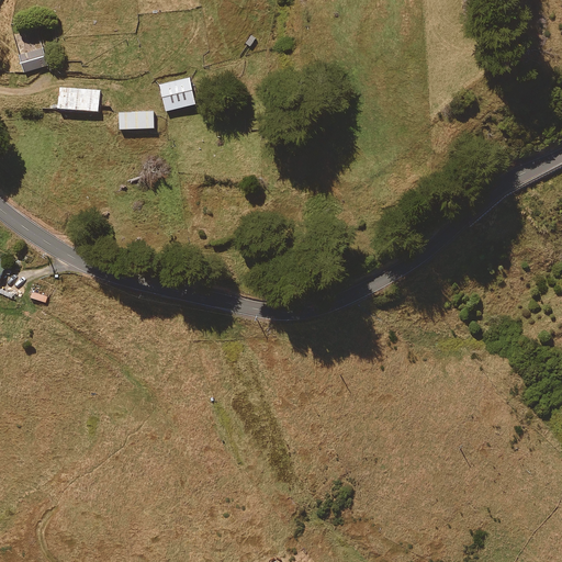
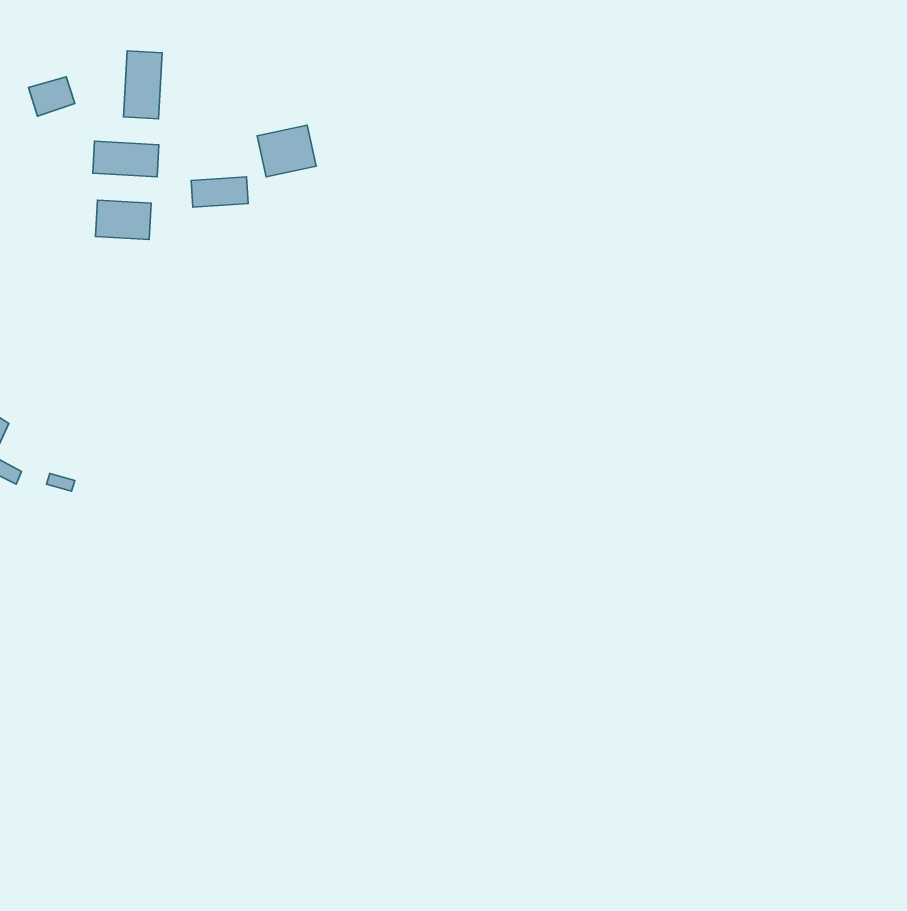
building: none -> [123,51,162,119]
building: none -> [95,200,151,240]

